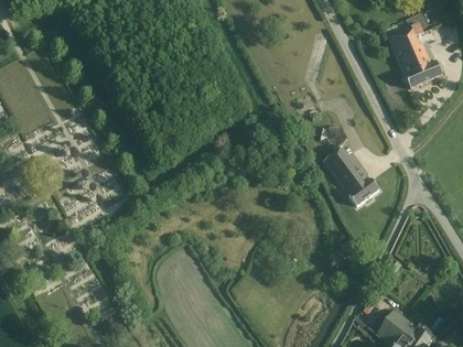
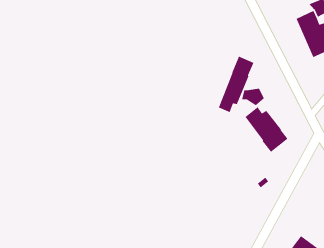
building: none -> [218,56,254,113]

